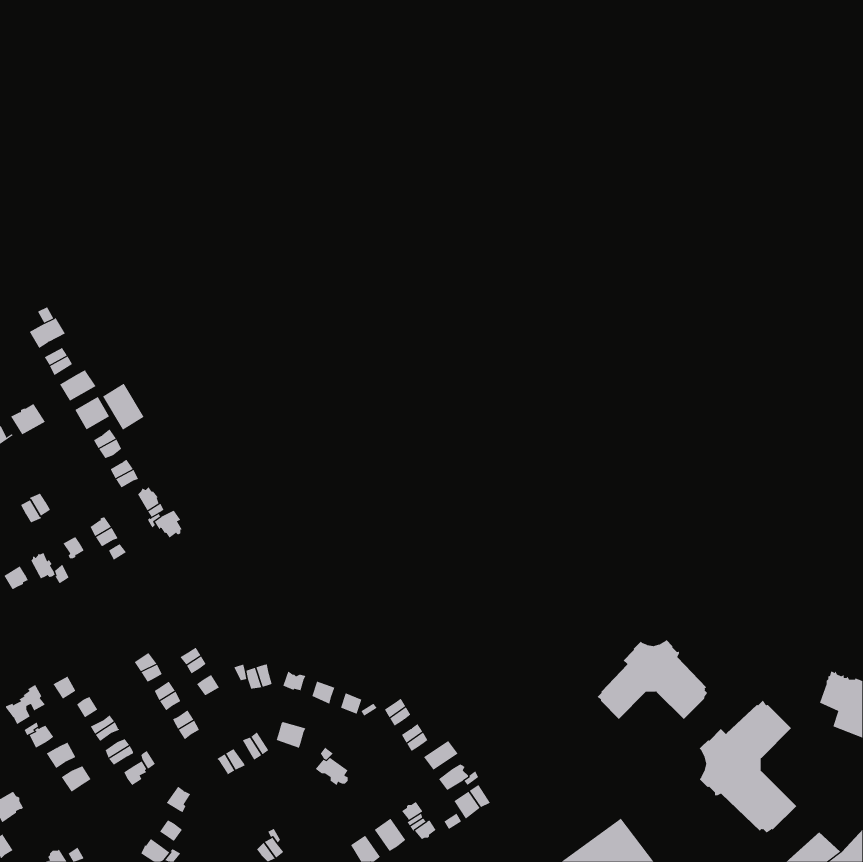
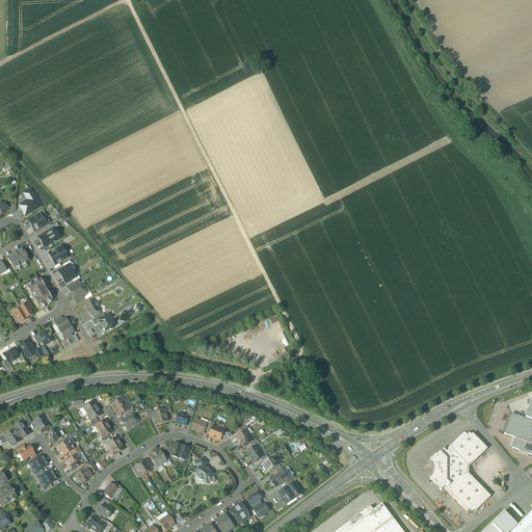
building: [102,383,145,430] -> [25,277,51,307]
building: [596,639,708,720] -> none

